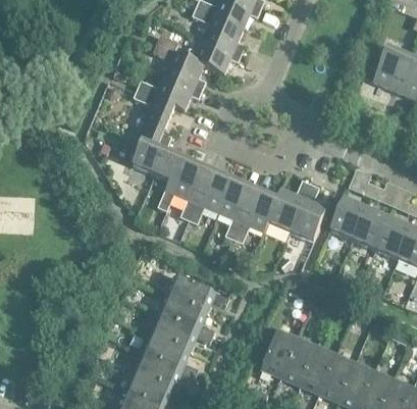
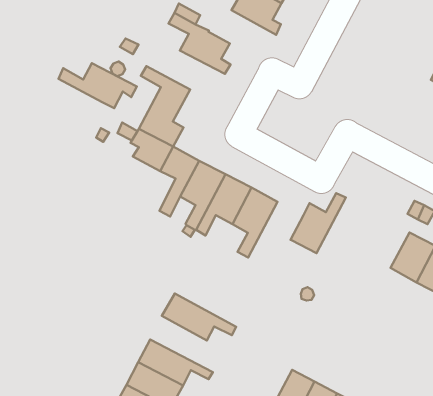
building: [186,36,242,72] -> none
building: [137,72,202,108] -> [59,63,137,108]
building: [290,183,326,241] -> none
building: [233,191,276,243] -> none
building: [329,197,365,238] -> none
building: [158,293,214,336] -> none

